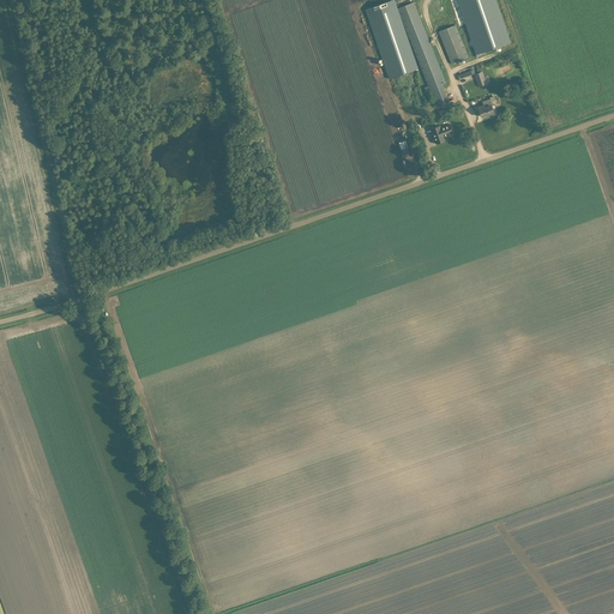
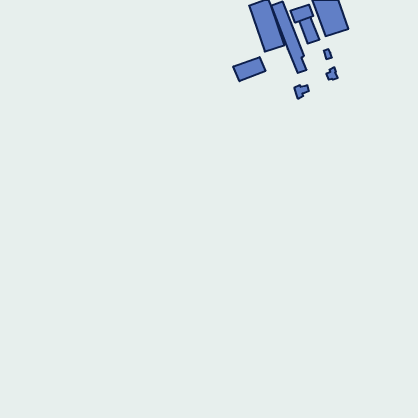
building: none -> [290,5,313,23]
building: none -> [233,57,265,81]

